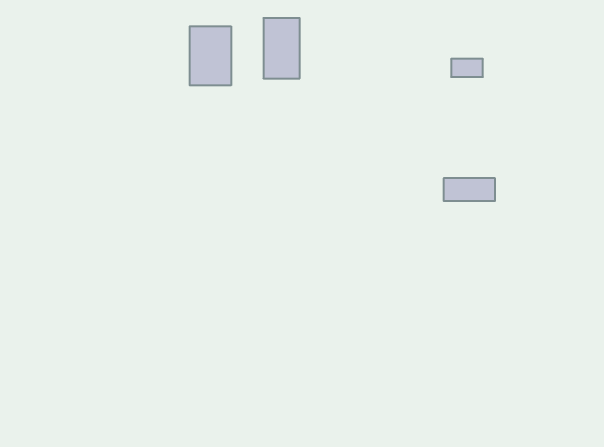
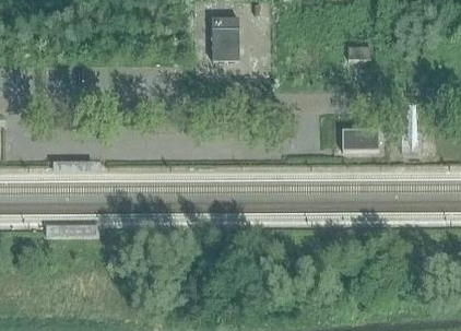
building: [190,26,231,85] -> none

